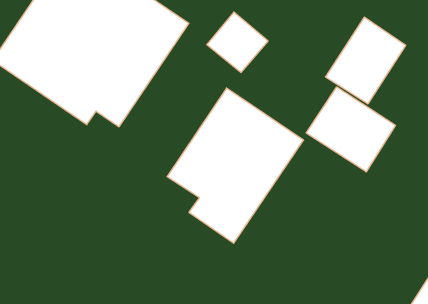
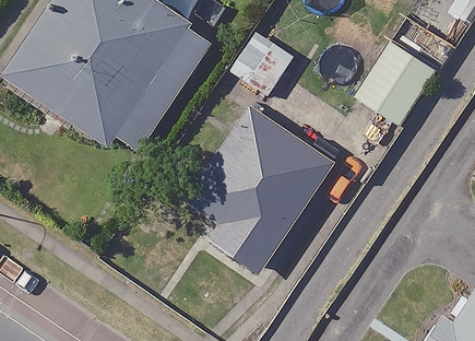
building: [306,87,395,172] -> none

